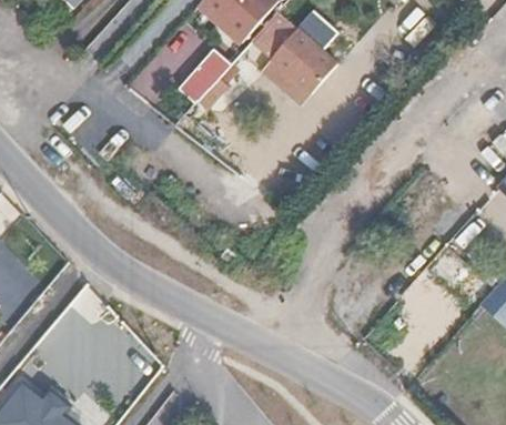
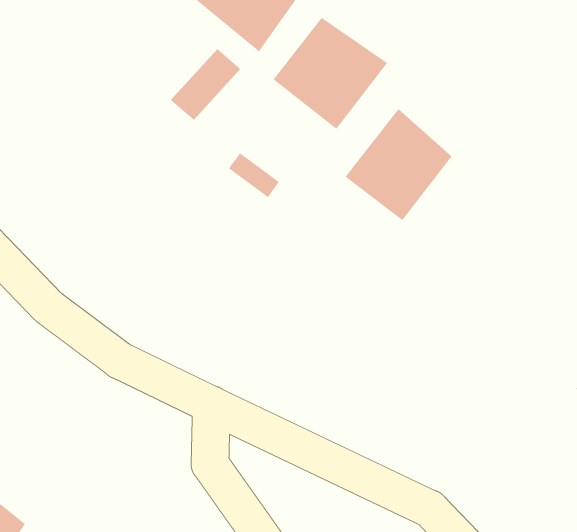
building: none -> [345,108,452,221]

